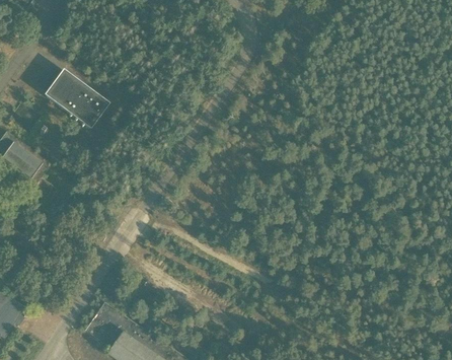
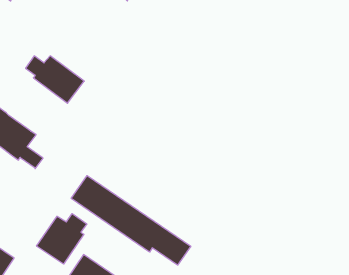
building: none -> [71,176,191,265]
building: none -> [37,214,87,264]

